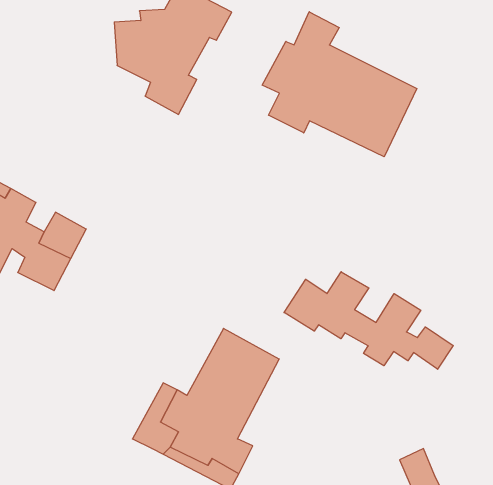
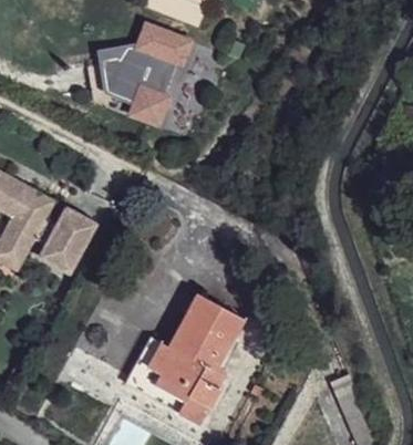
building: [262,12,417,157] -> none
building: [284,272,453,369] -> none

